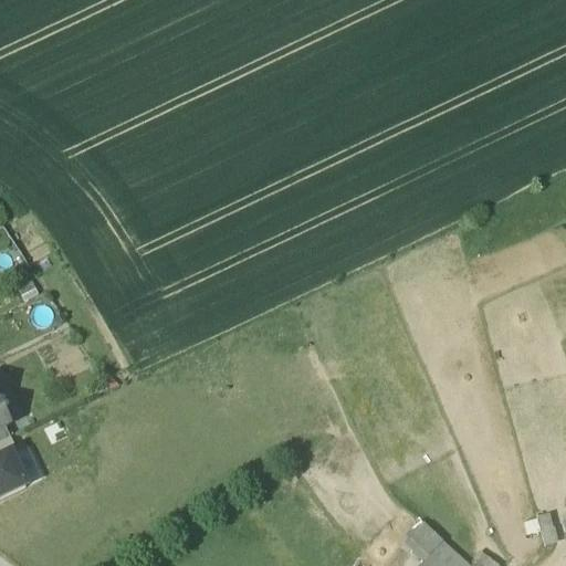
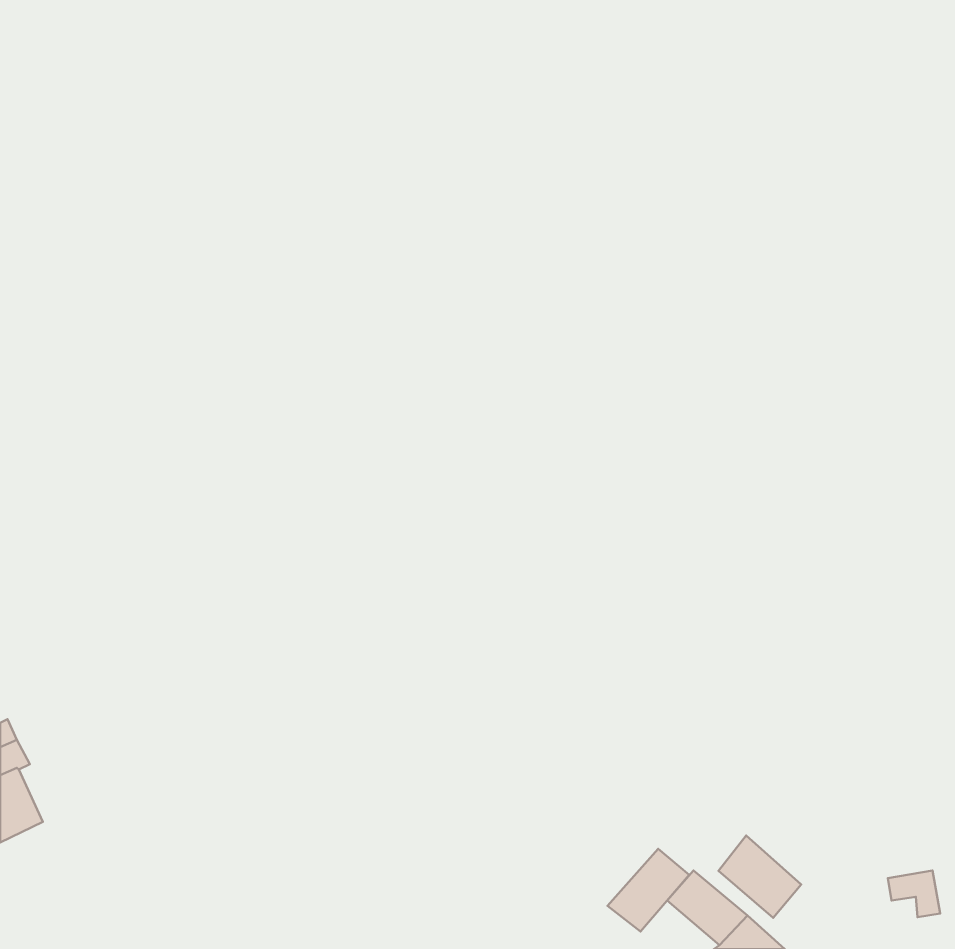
building: none -> [718,836,801,918]
building: none -> [608,849,689,931]

